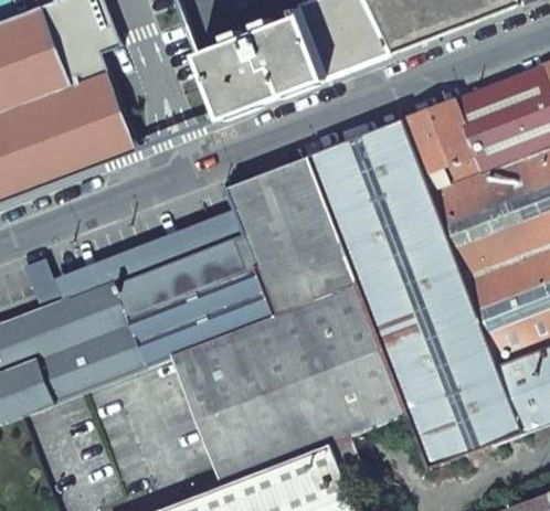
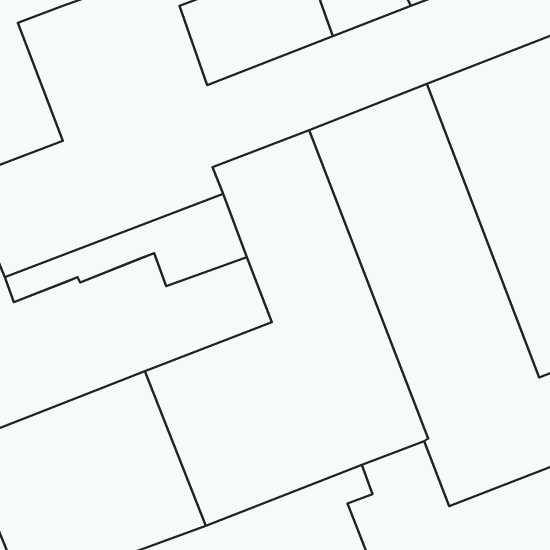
building: [64,52,139,164] -> none

